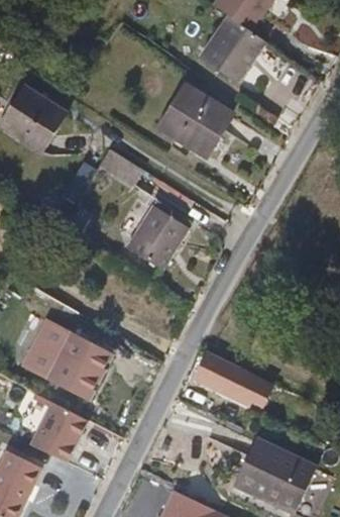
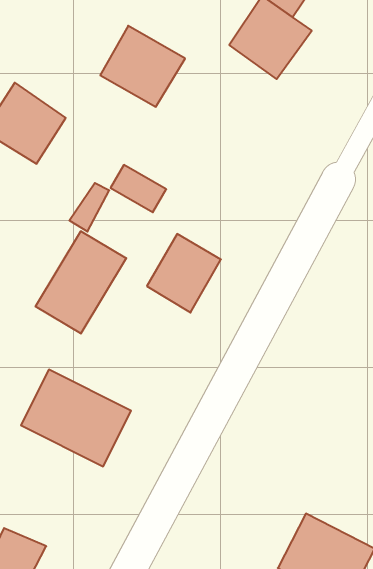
building: [158,83,229,150] -> [100,26,185,107]
building: none -> [36,231,126,334]
building: [202,367,255,411] -> none
building: [30,403,93,466] -> none

